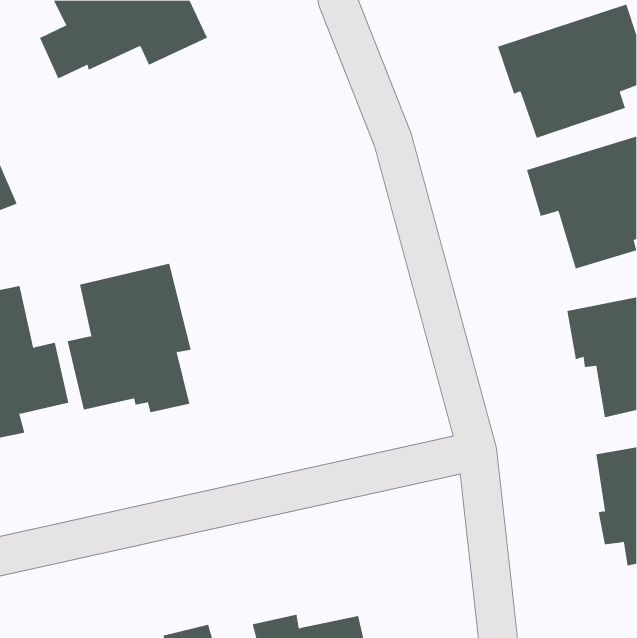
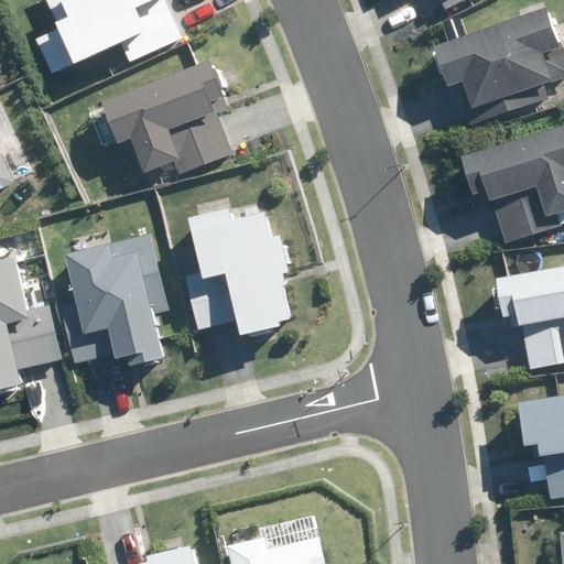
building: none -> [102,61,231,174]
building: none -> [184,207,292,335]

